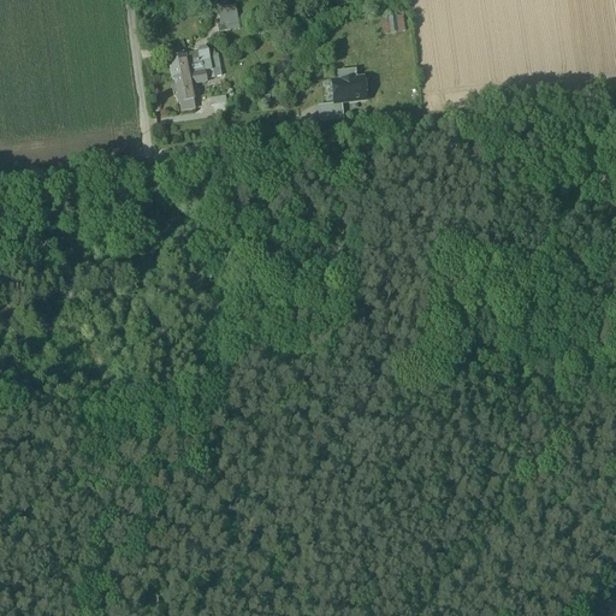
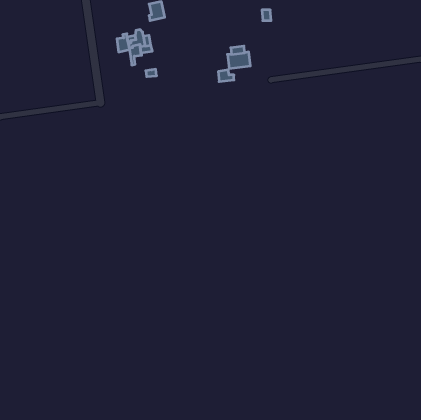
building: [172,73,195,109] -> none

